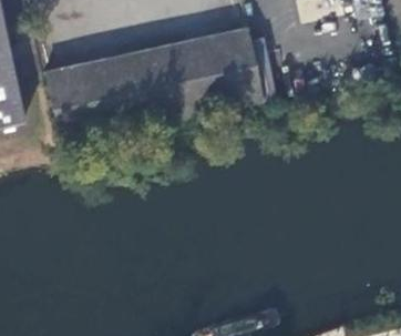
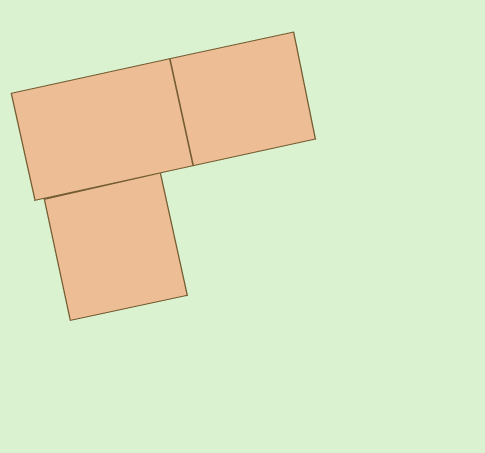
building: none -> [45,173,187,320]

